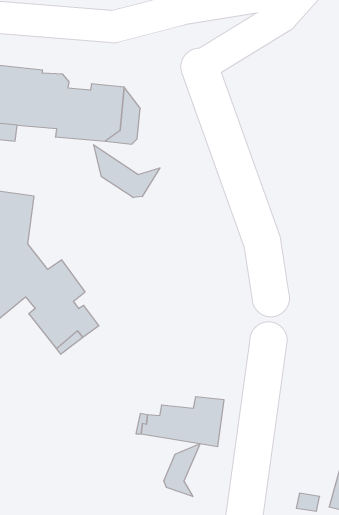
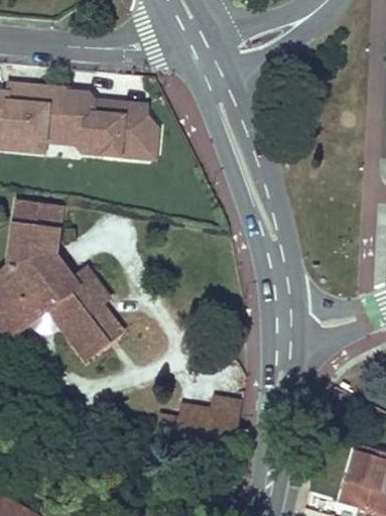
building: [94,145,160,198] -> none
building: [164,444,200,497] -> none

